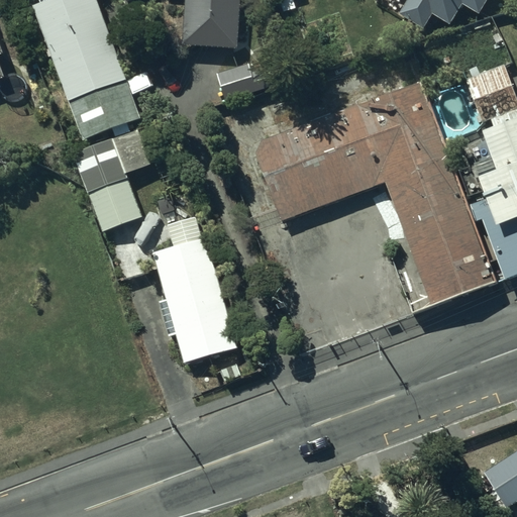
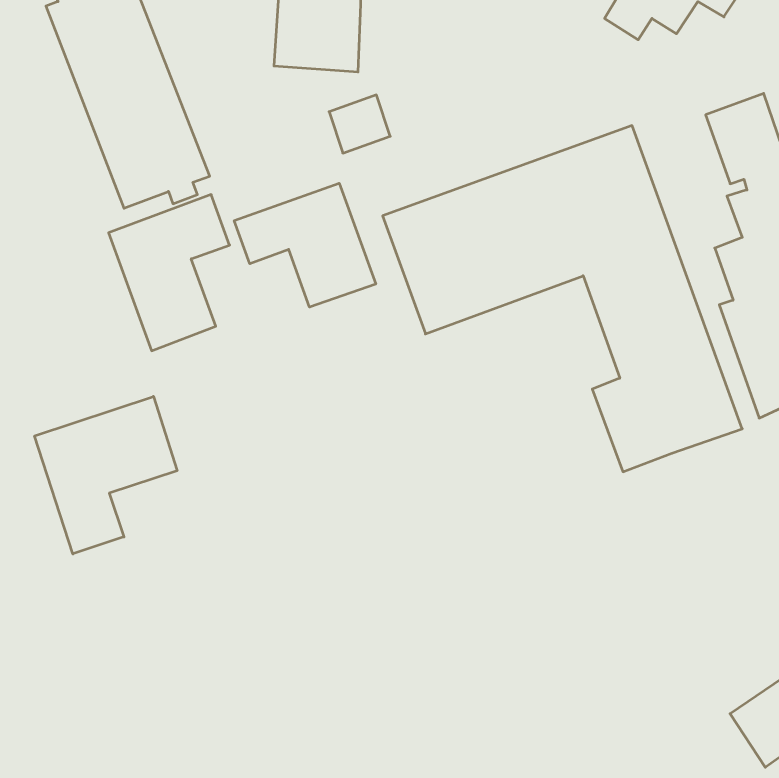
building: none -> [234,183,376,307]
building: [156,215,246,381] -> none
building: none -> [35,396,177,554]

